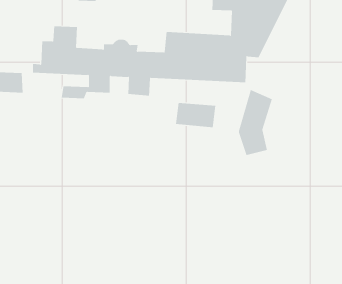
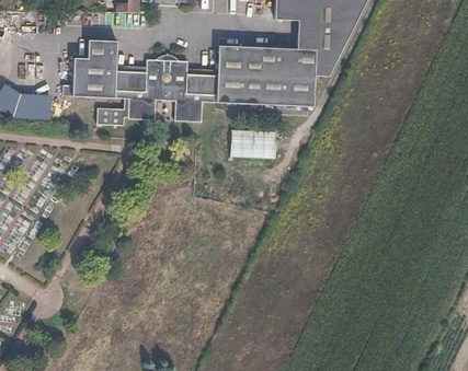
building: [238,89,272,156] -> none

